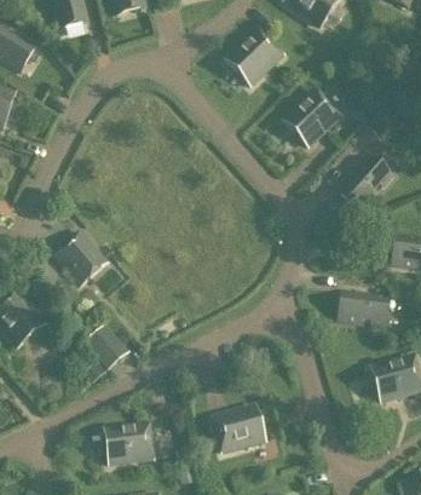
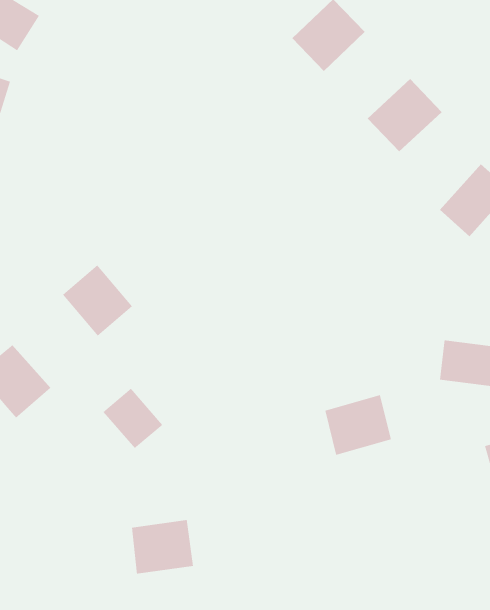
building: [213,405,264,451] -> [324,394,392,455]

